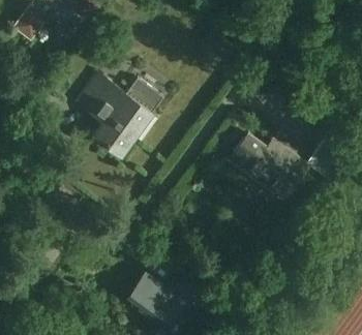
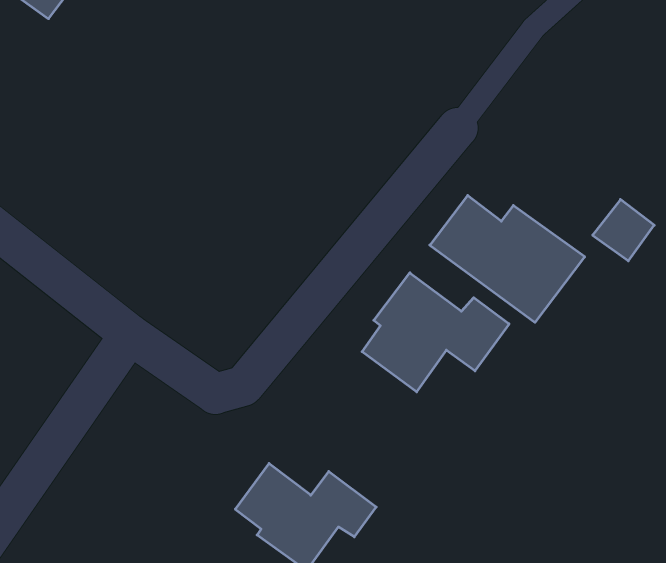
building: [76,74,161,155] -> none
building: none -> [362,273,509,392]

